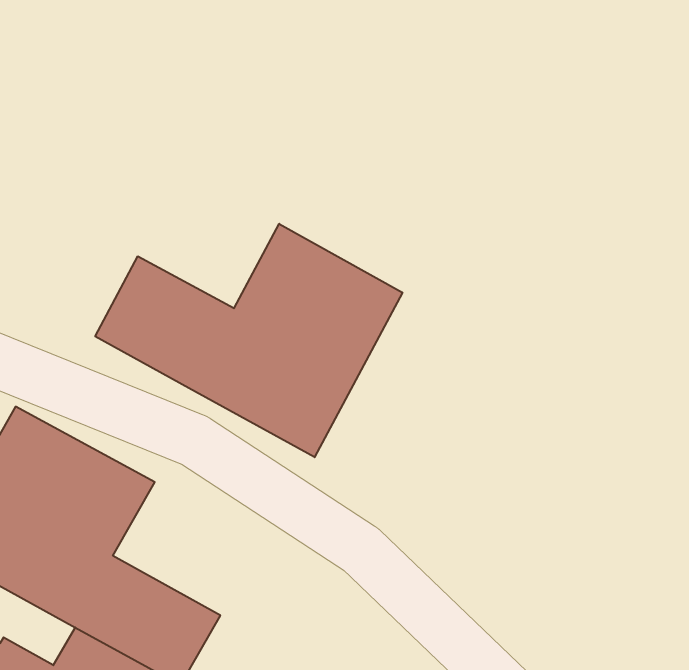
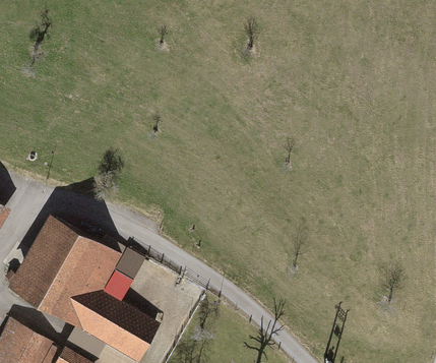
building: [95,224,402,457] -> none

